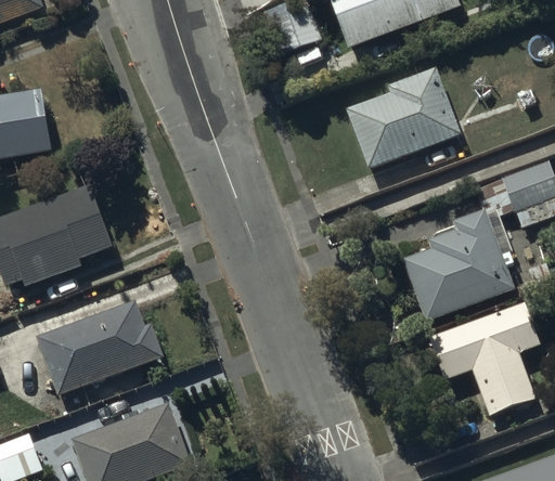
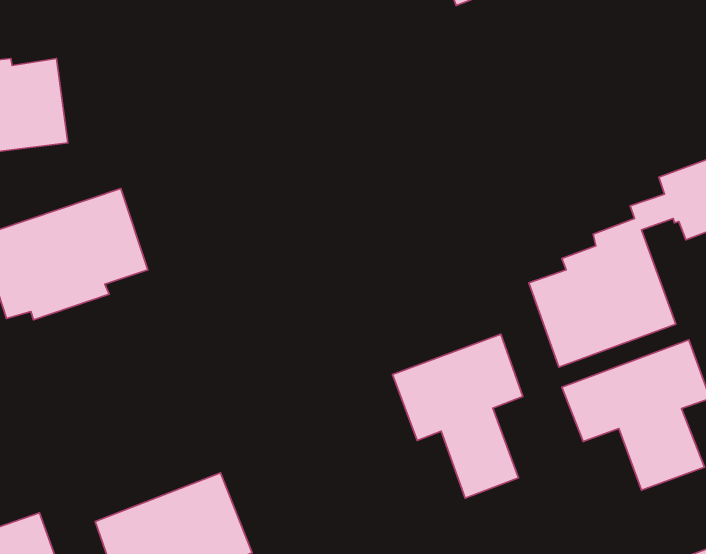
building: [346,67,460,168] -> none
building: none -> [392,334,523,498]
building: [39,300,165,395] -> none

